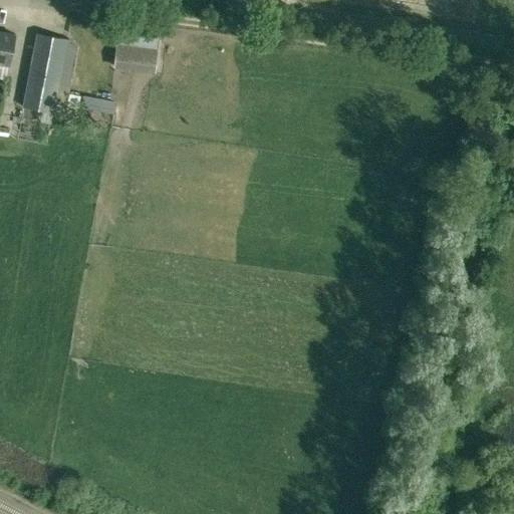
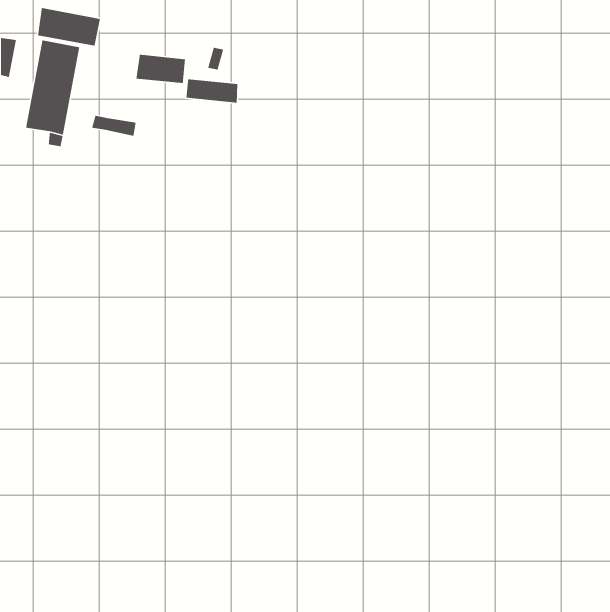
building: none -> [37,7,101,47]
building: none -> [185,78,238,103]

